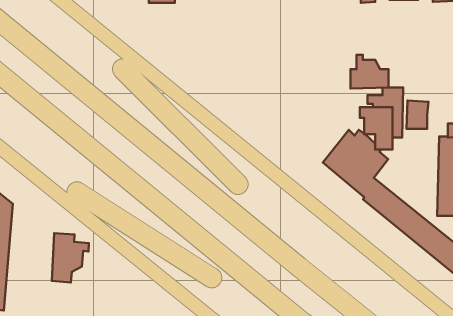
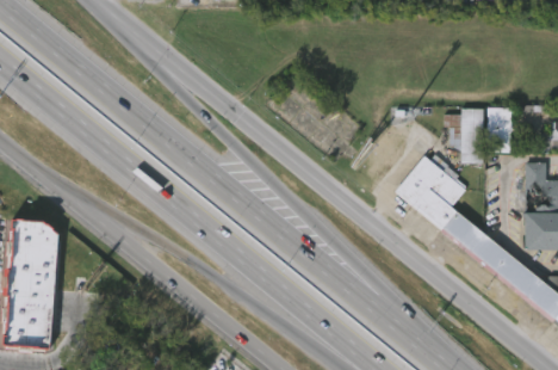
building: [351,55,388,88] -> none
building: [52,233,89,282] -> none

